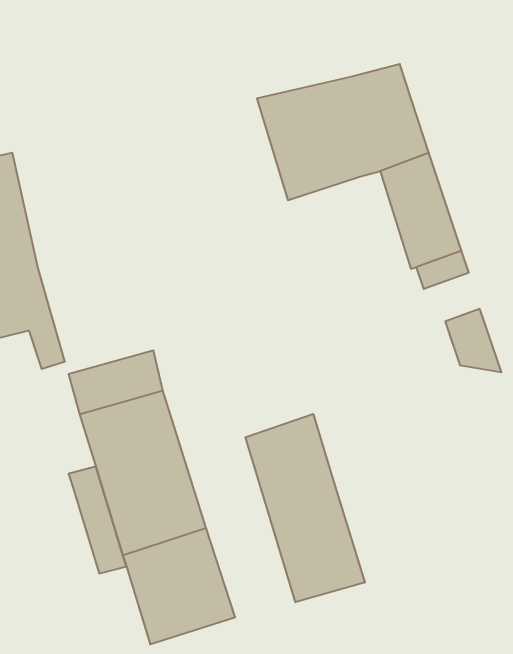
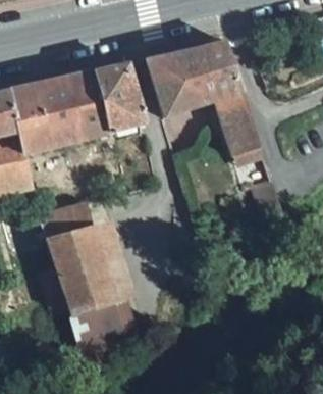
building: none -> [8,63,144,153]
building: [246,414,365,602] -> none

